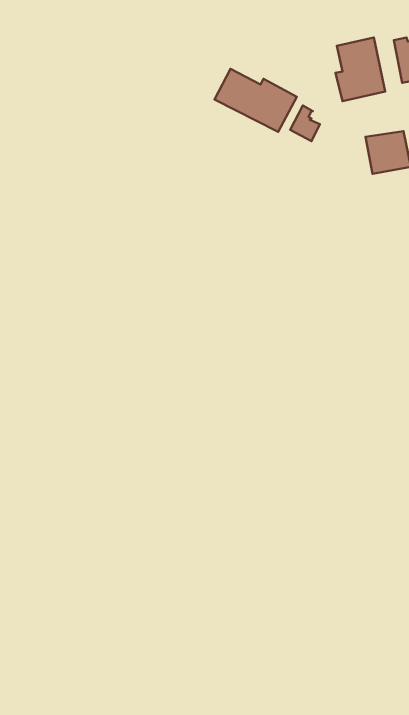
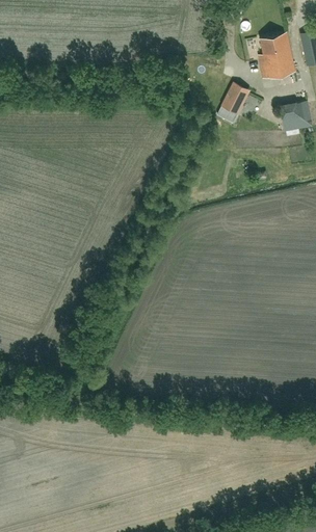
building: [214,69,297,132] -> none

